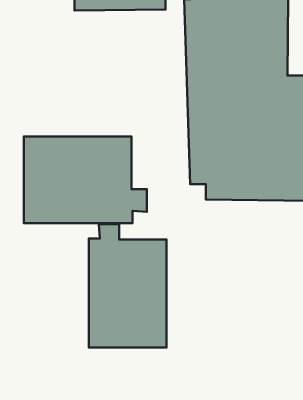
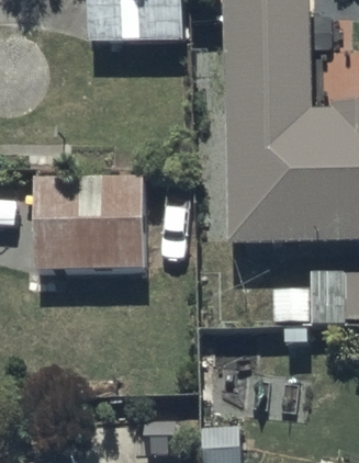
building: [89,224,166,348] -> none

